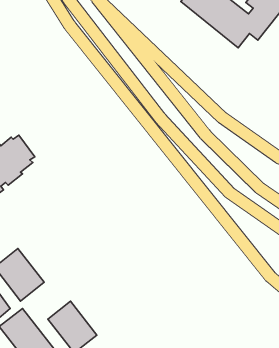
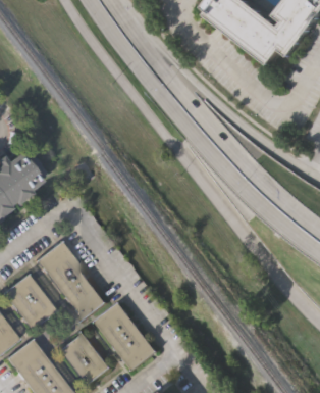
building: none -> [35,242,106,322]
building: none -> [94,303,156,372]

